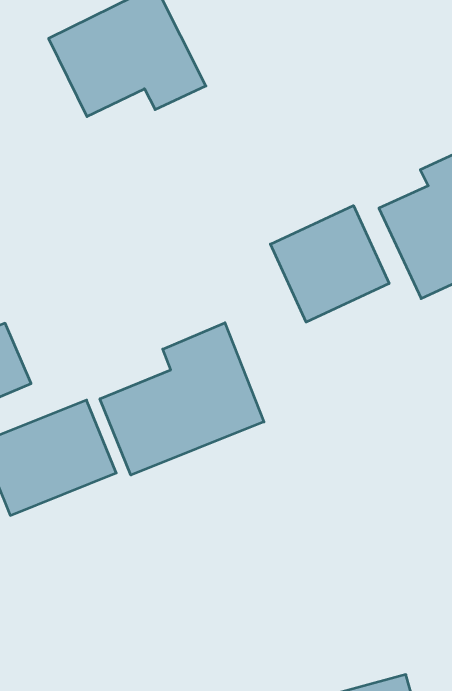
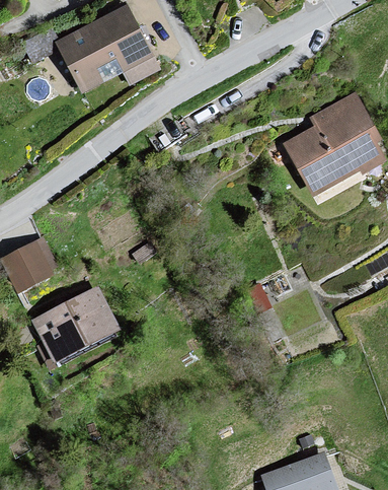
building: [270,206,389,322] -> none
building: [100,323,264,475] -> none

